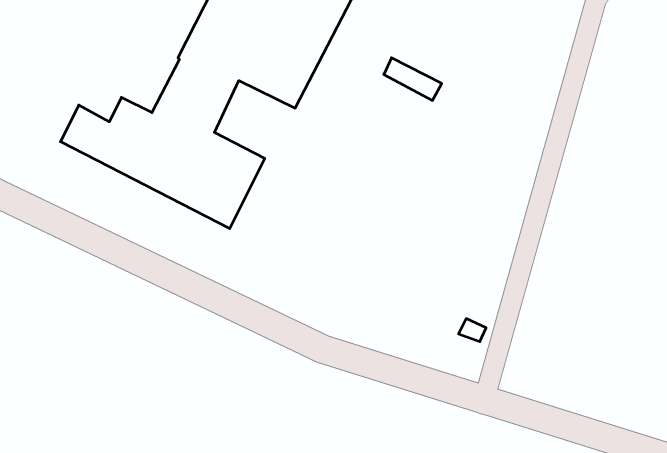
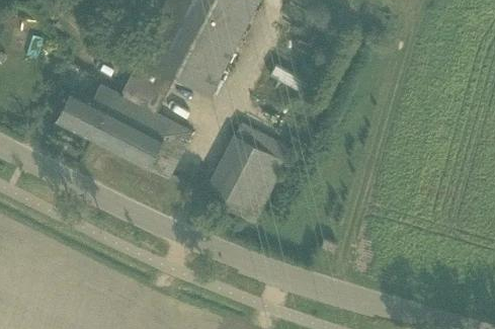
building: none -> [203,122,292,222]

